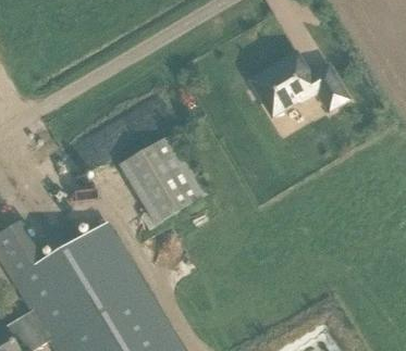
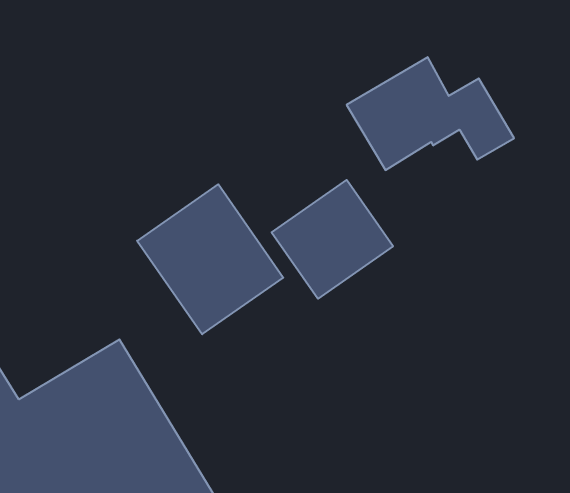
building: none -> [272,180,393,299]

